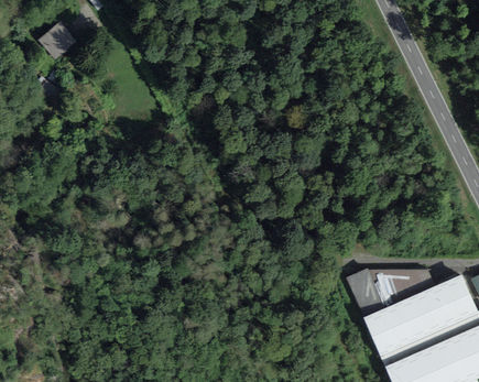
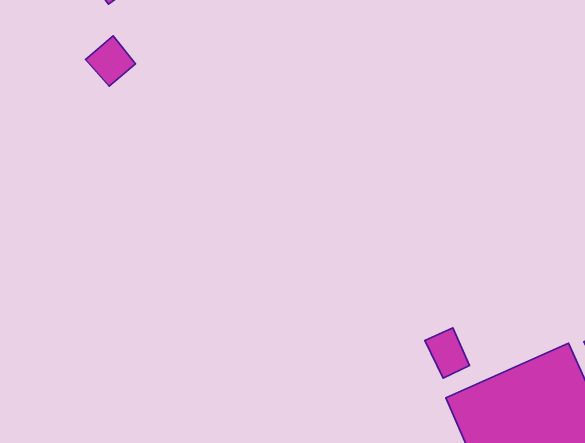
building: [35,19,75,58] -> [85,36,136,86]

